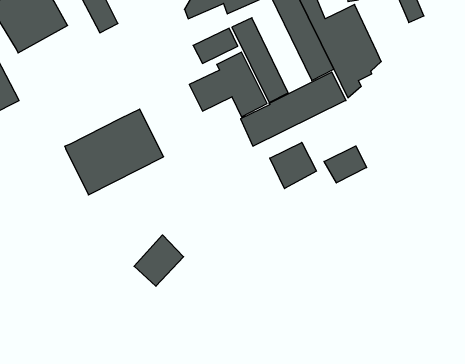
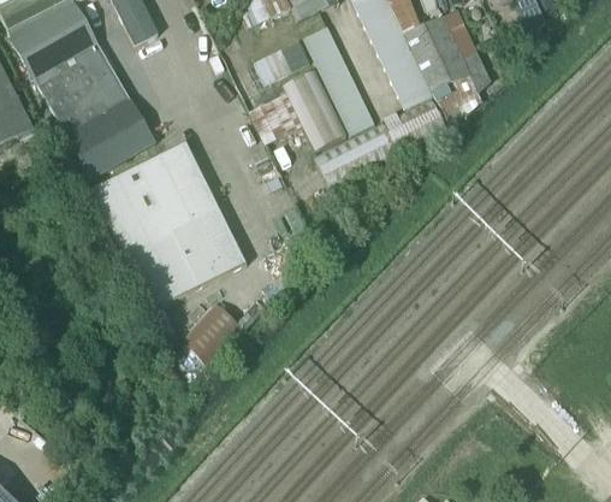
building: none -> [30,34,153,178]
building: [270,142,316,189] -> none
building: [324,146,367,183] -> none
building: none -> [119,200,245,308]

